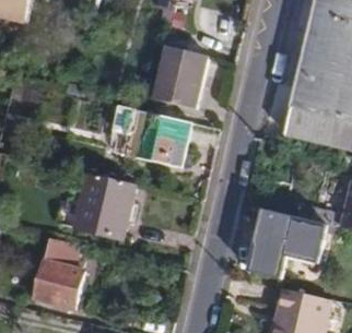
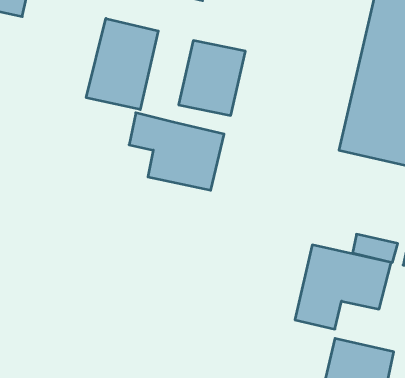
building: none -> [86,18,158,110]
building: [74,171,136,239] -> none
building: [32,237,83,311] -> none

